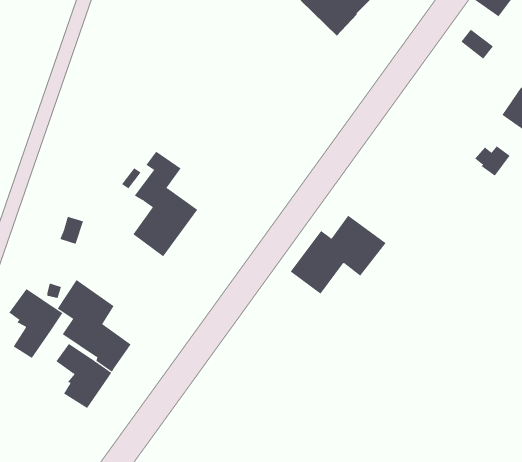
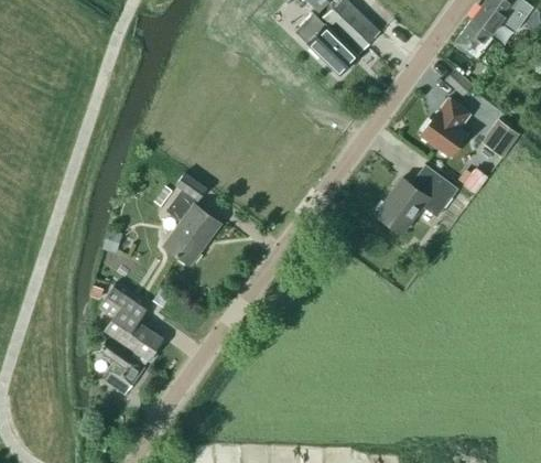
building: none -> [421,98,470,158]
building: [290,215,386,294] -> [376,165,458,234]
building: [9,288,63,359] -> none

